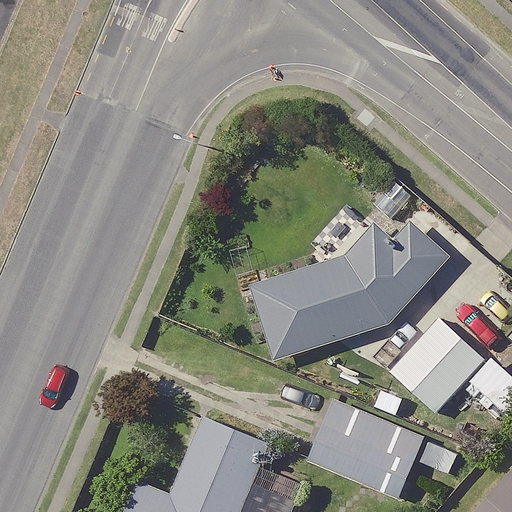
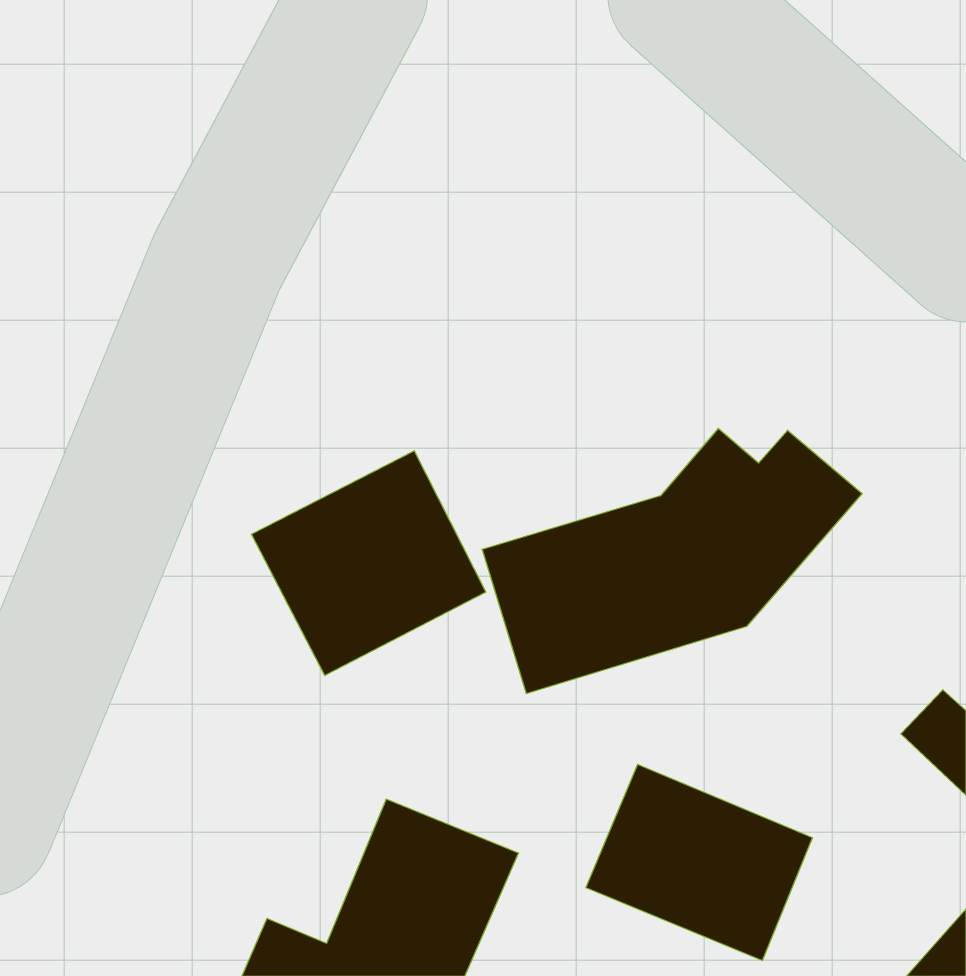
building: none -> [251,451,486,676]
building: [388,317,483,412] -> none

